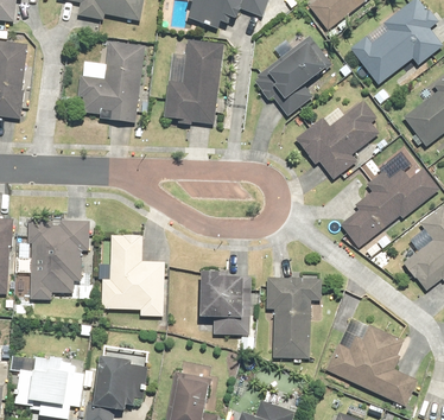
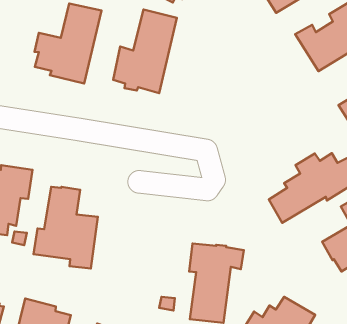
building: [253,33,331,115] -> none
building: [293,100,378,179] -> none
building: [198,271,250,335] -> none

